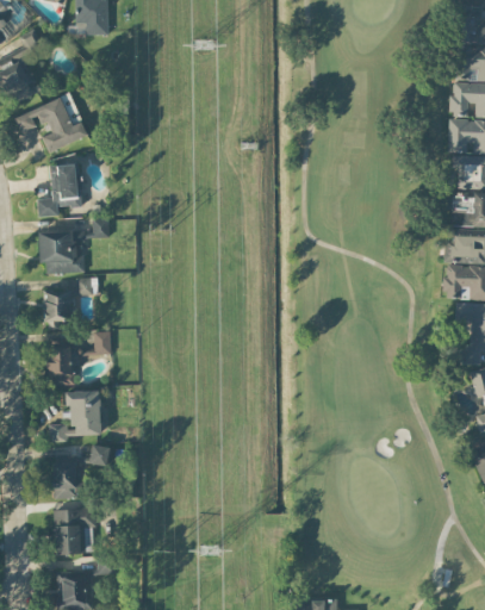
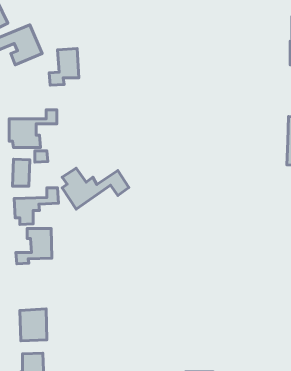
building: [37,163,80,217] -> [49,48,79,85]
building: none -> [62,168,129,209]
building: [52,446,108,498] -> none

